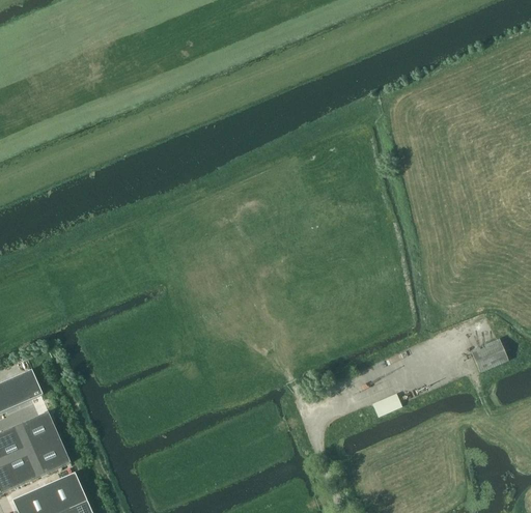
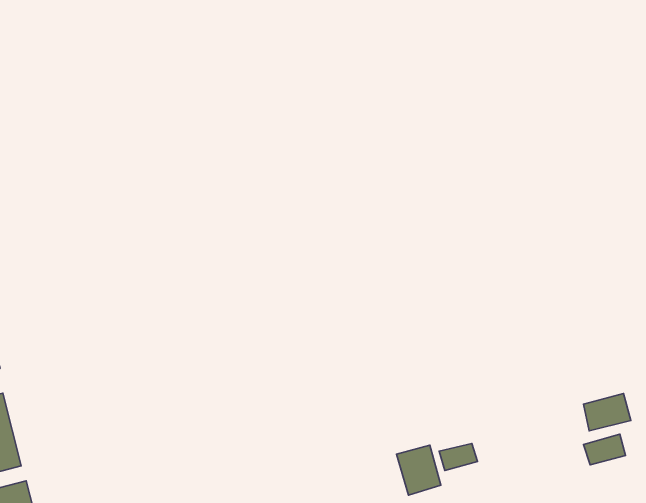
building: none -> [584,434,626,465]
building: none -> [396,445,441,495]

